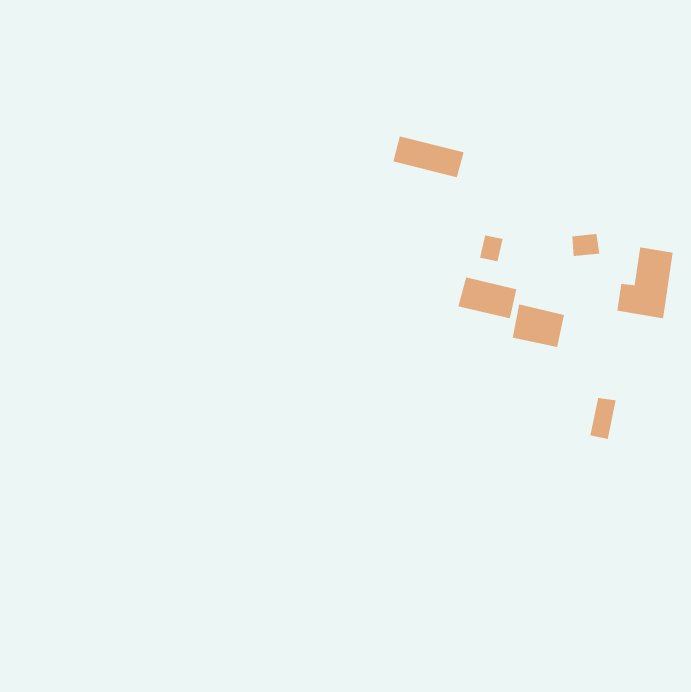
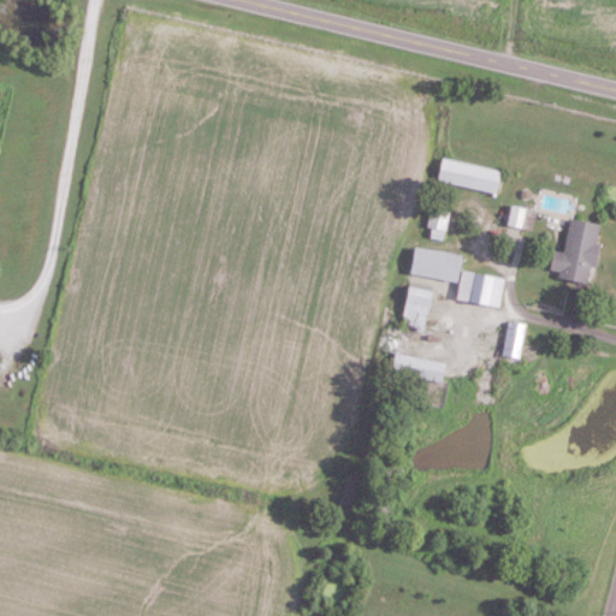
building: [392,136,464,178] -> [437,156,500,194]
building: none -> [401,284,431,331]
building: [589,398,617,440] -> [502,321,526,359]

